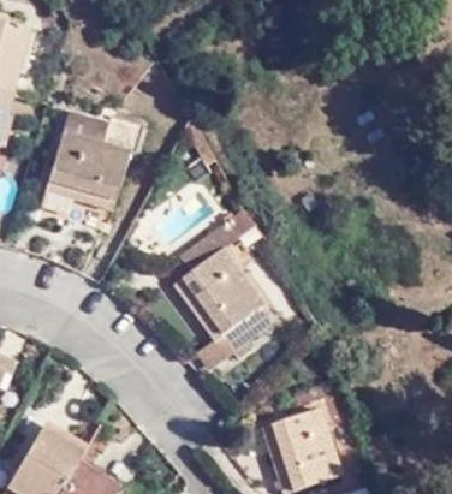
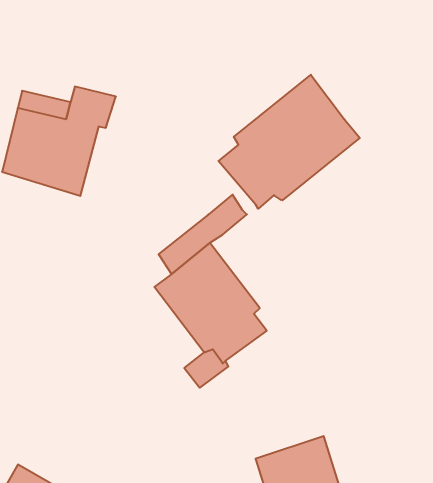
building: none -> [218,75,360,209]

